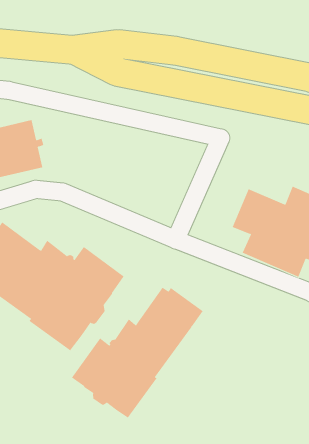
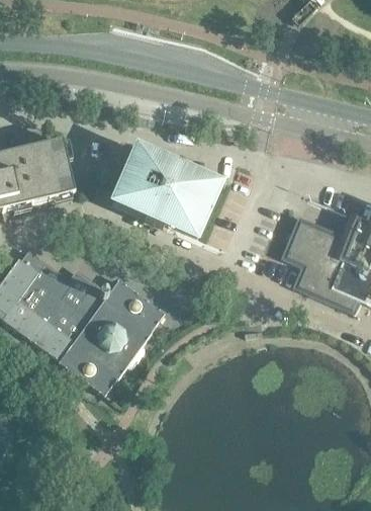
building: none -> [113,149,218,235]
building: [71,287,204,418] -> none

